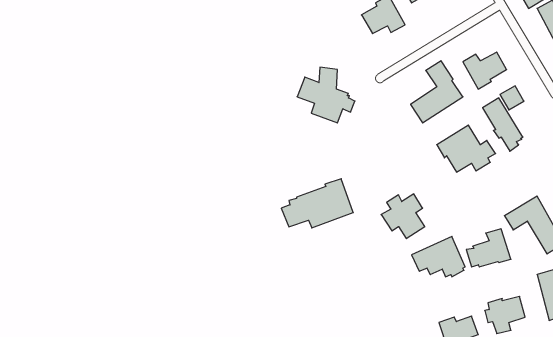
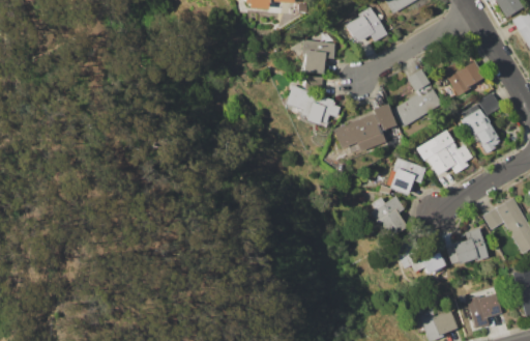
building: none -> [303,33,336,74]
building: none -> [379,158,426,195]
building: [281,179,353,228] -> [331,104,400,150]

